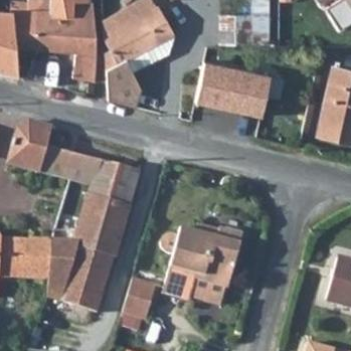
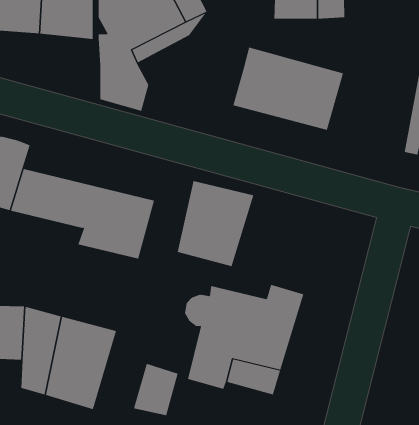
building: [74,198,128,257] -> [177,181,254,267]

